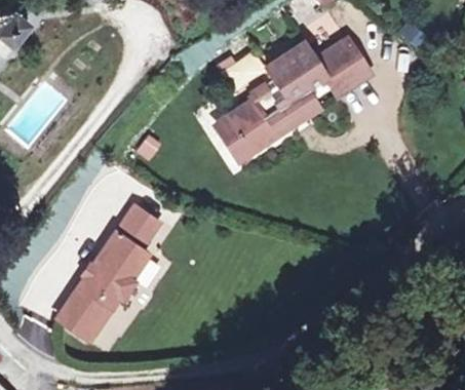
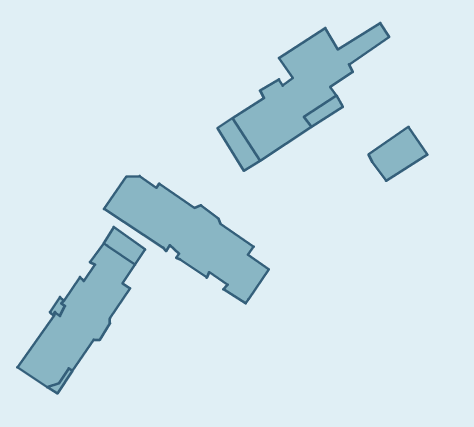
building: [326,49,375,93] -> [369,127,427,181]
building: none -> [104,176,269,303]

